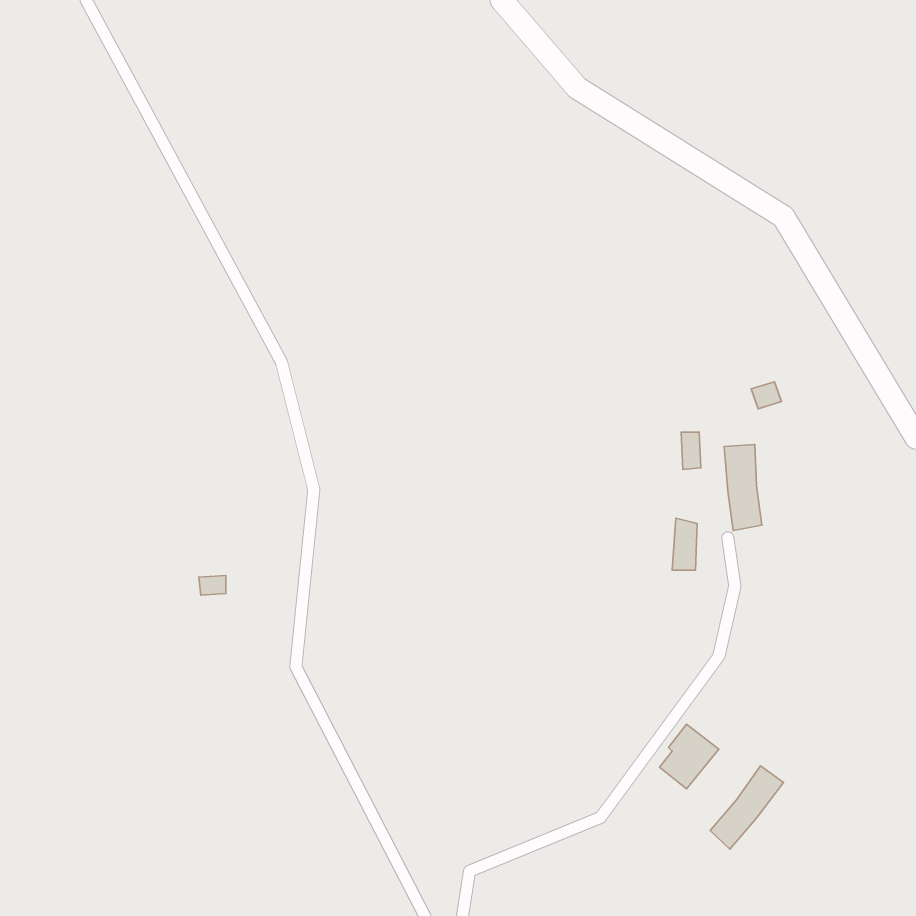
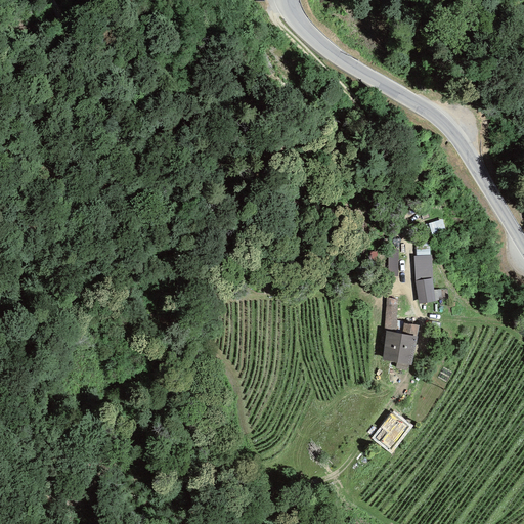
building: none -> [381,322,419,364]
building: [710,766,784,849] -> none

